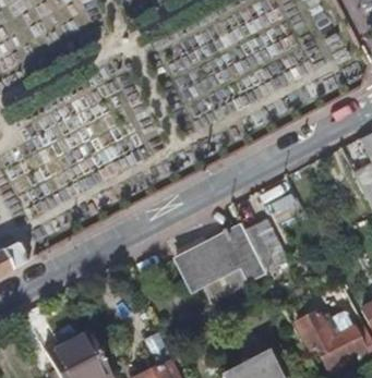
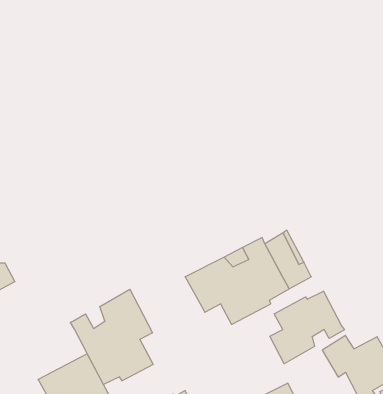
building: none -> [70,289,153,385]
building: none -> [270,291,345,364]

